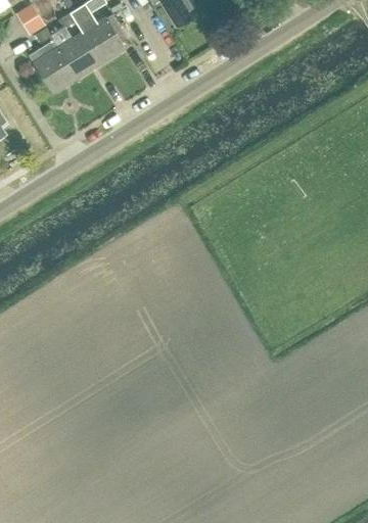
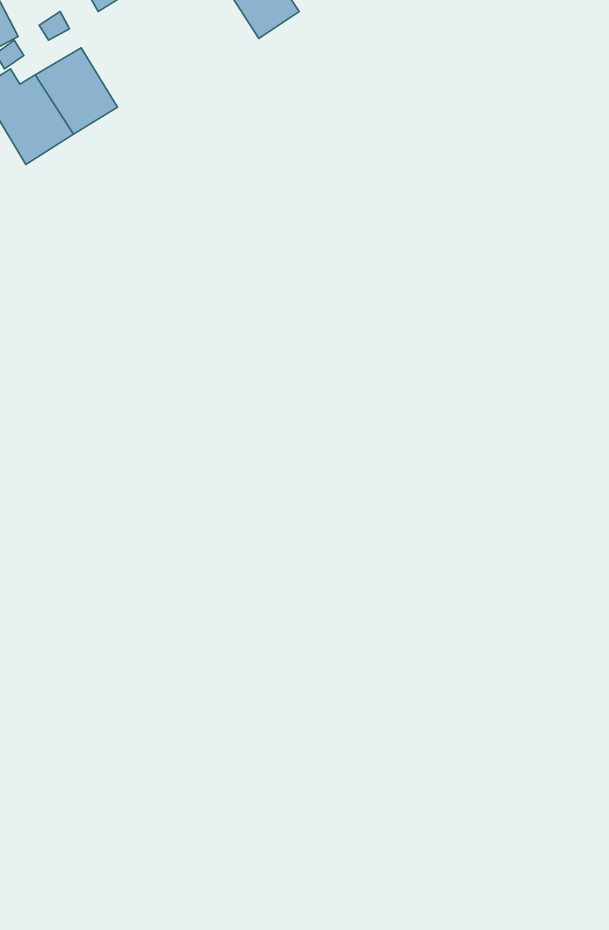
building: [80,12,125,61] -> none

